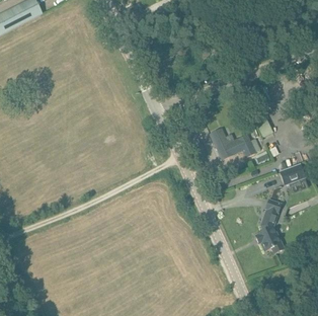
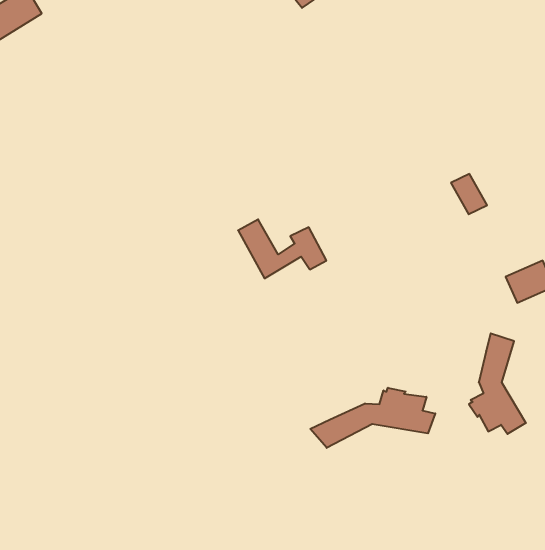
building: [209,128,254,159] -> [238,219,326,278]
building: none -> [310,388,435,448]

